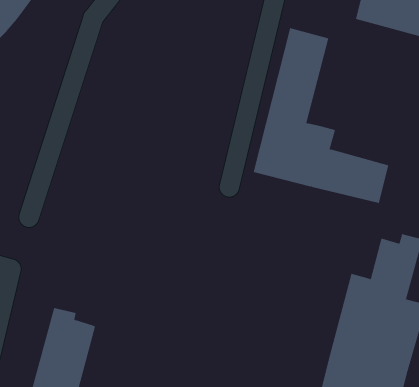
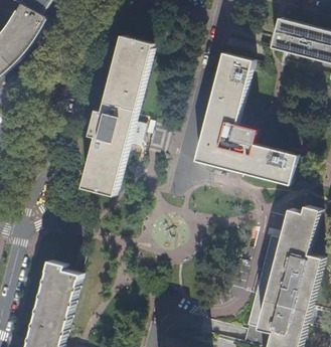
building: none -> [86,39,153,190]

